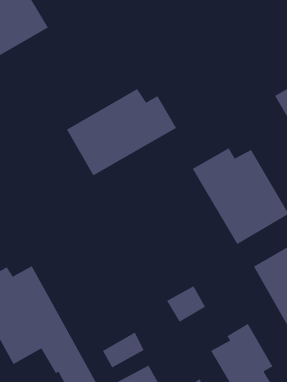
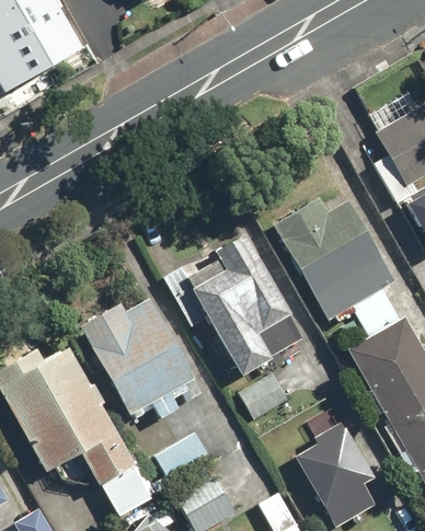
building: [66,88,177,176] -> none
building: none -> [186,234,301,378]
building: none -> [79,299,202,419]

